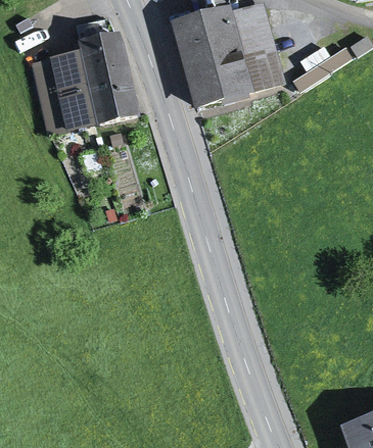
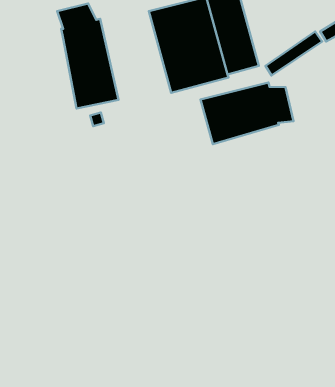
building: [33,52,96,136] -> none
building: none -> [201,82,294,144]

